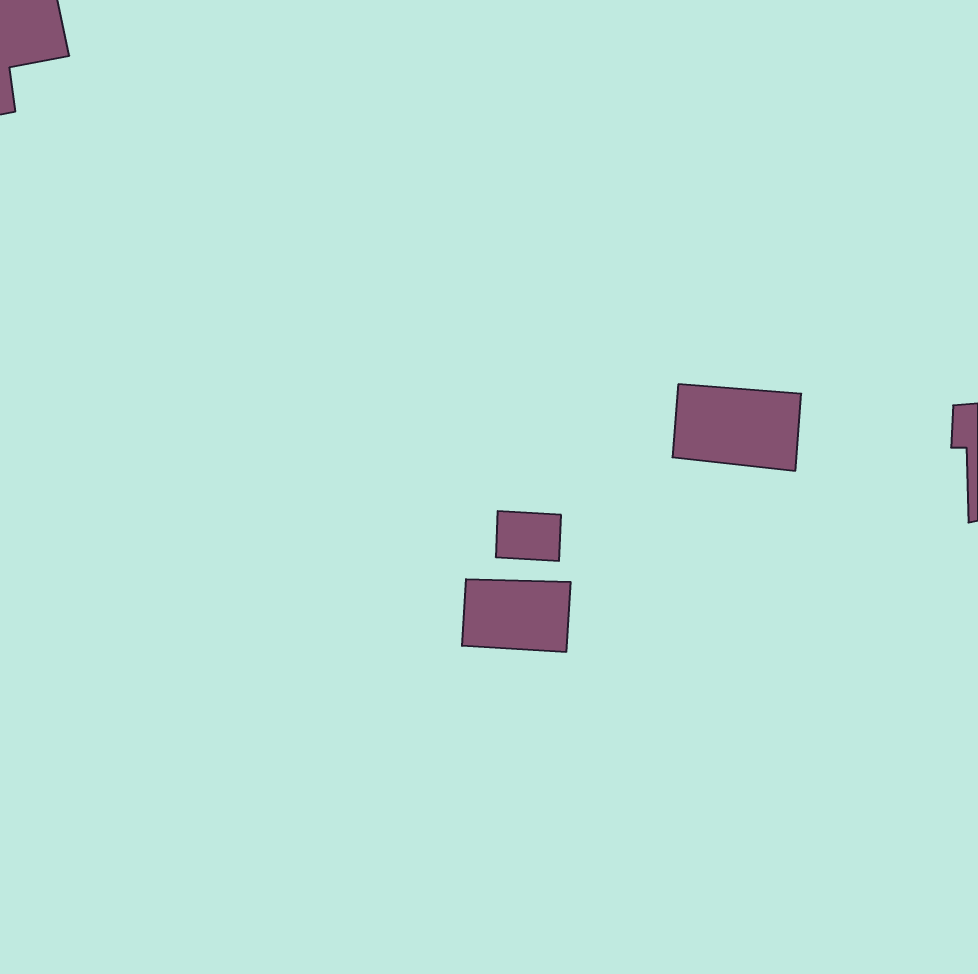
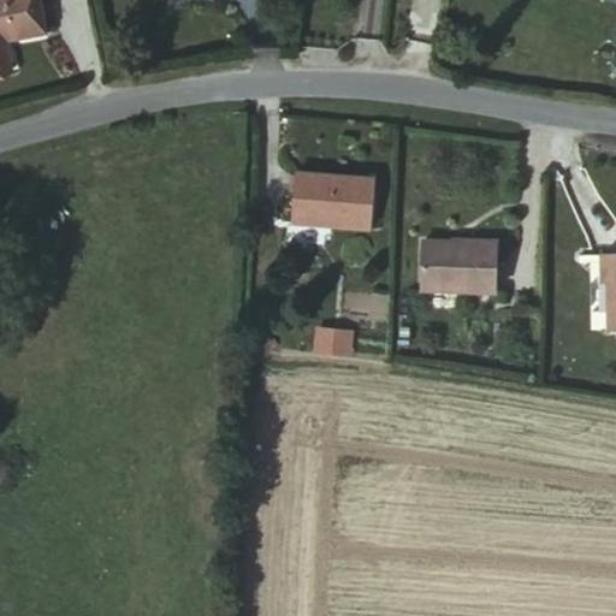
building: none -> [295,176,372,227]
building: [462,579,571,652] -> none

